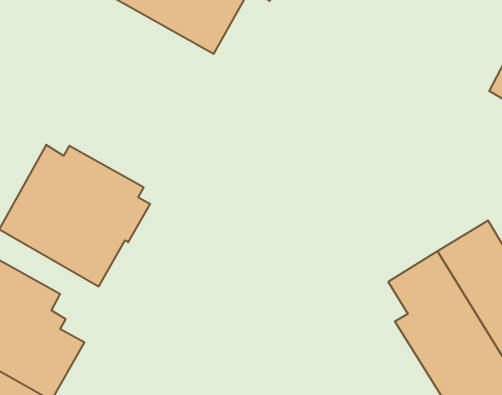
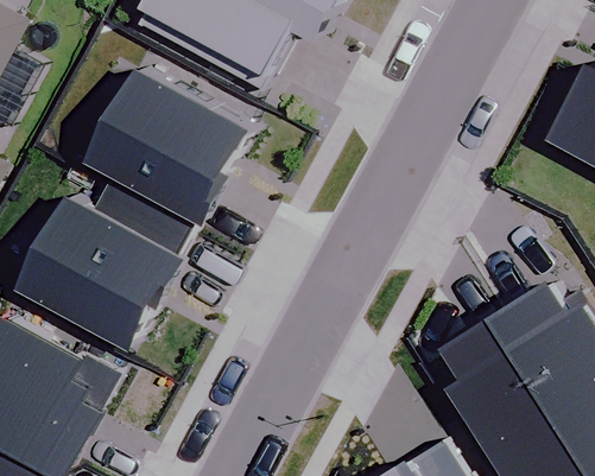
building: none -> [96,59,261,234]

